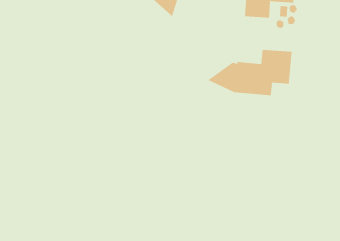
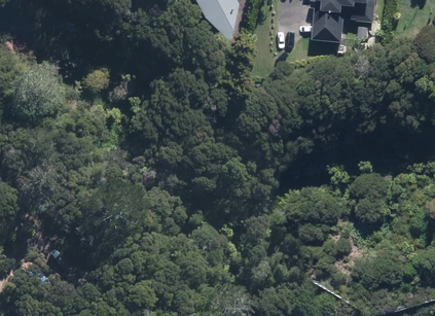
building: [207,49,292,96] -> none

